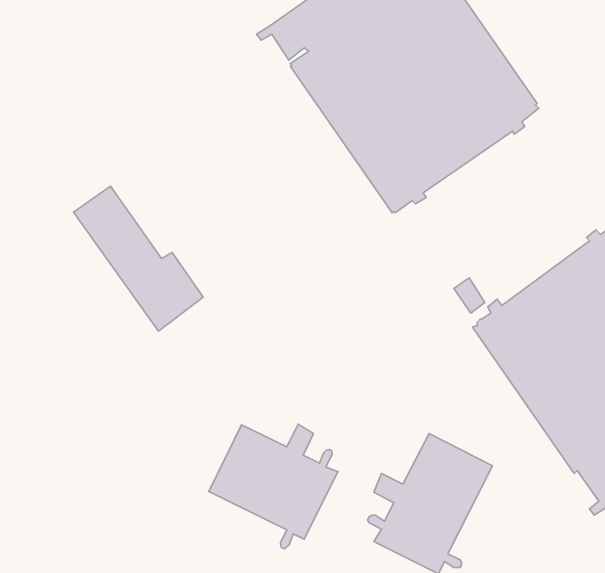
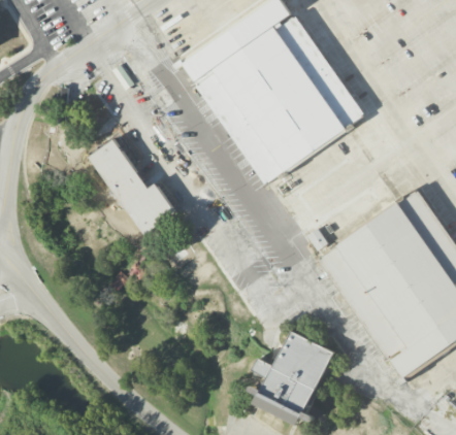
building: [74,186,203,331] -> [89,139,175,236]
building: [209,424,338,549] -> none

